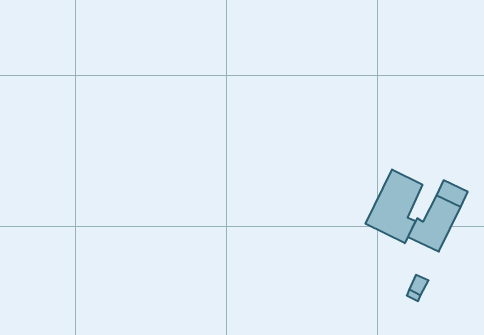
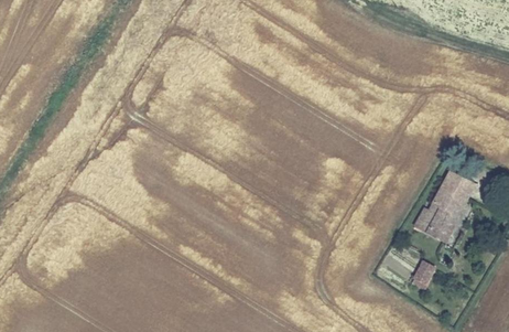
building: [366,169,422,243] -> none

